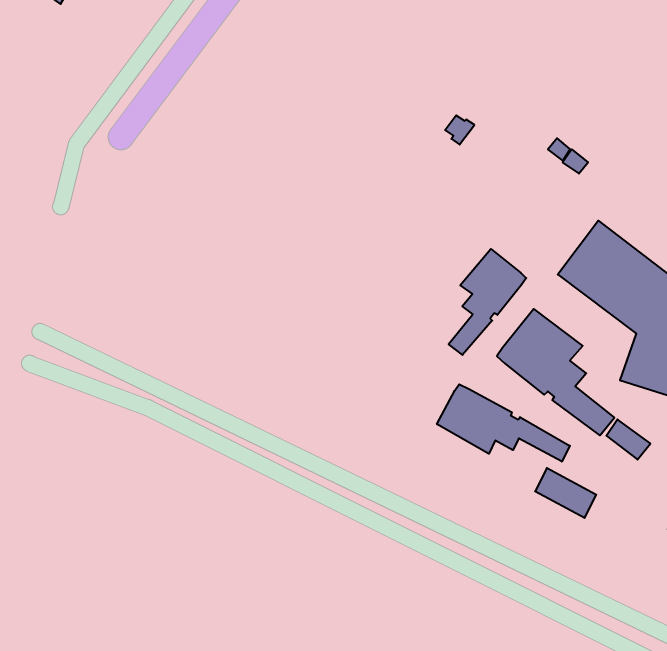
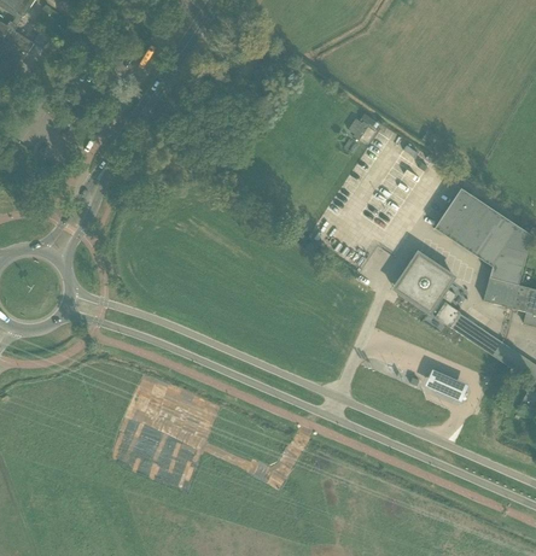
building: [449,249,526,355] -> none
building: [437,384,570,462] -> none

